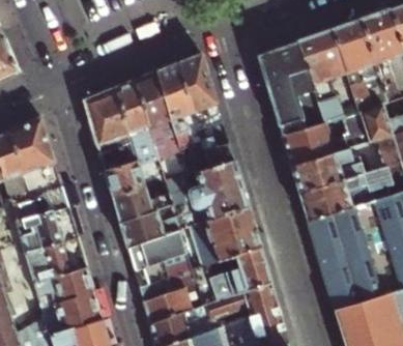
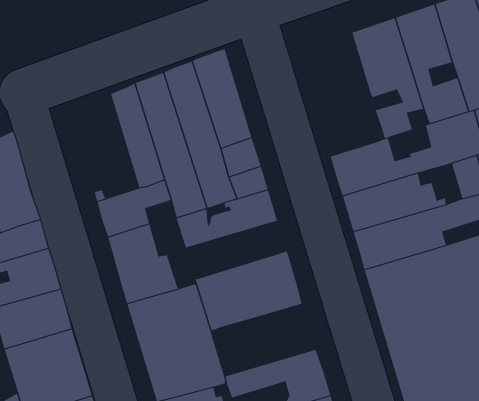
building: [257,41,312,126] -> none
building: [83,88,136,164] -> none
building: [171,184,249,229] -> none
building: [191,248,270,302] -> none

